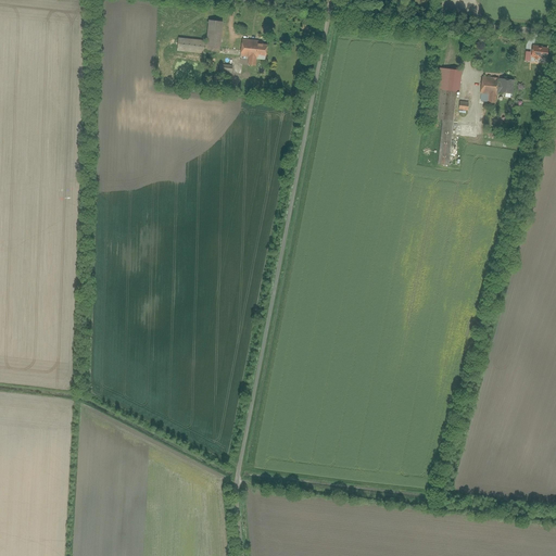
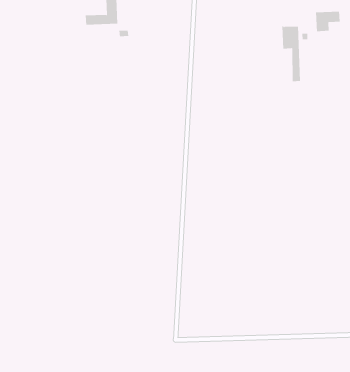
building: [240,37,267,64] -> none
building: [438,66,462,90] -> none

